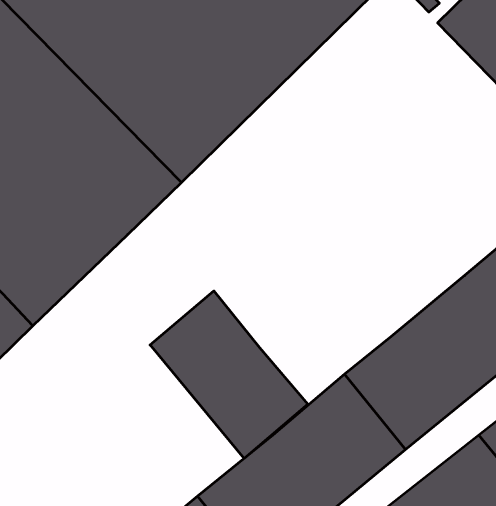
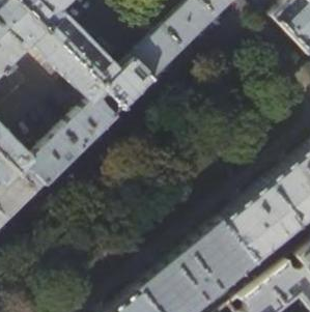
building: [150,291,308,458] -> none

